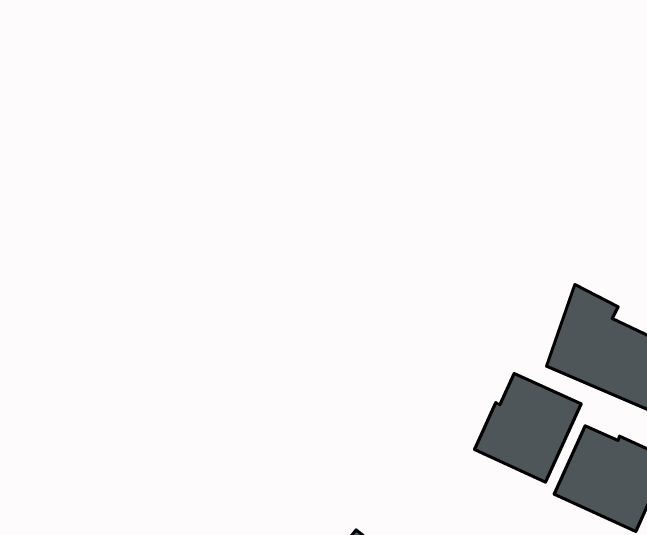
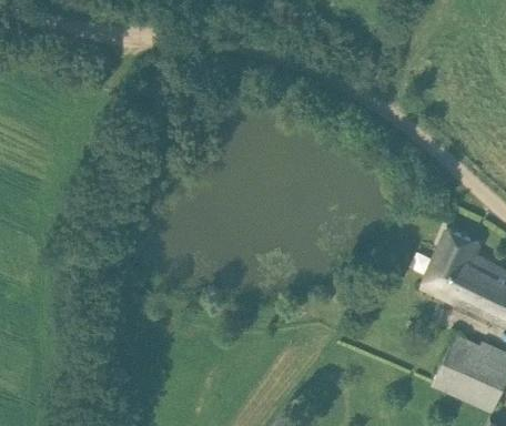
building: [474,373,581,482] -> none

